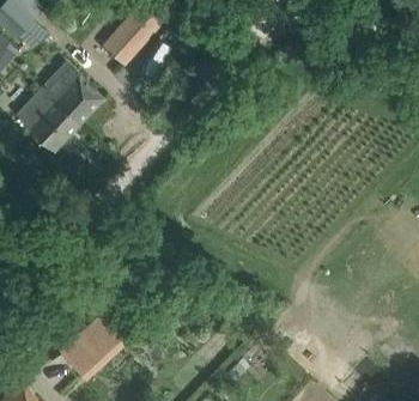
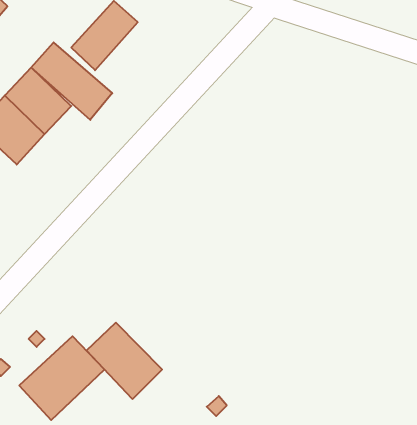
building: none -> [31,42,112,120]
building: none -> [86,323,162,399]

